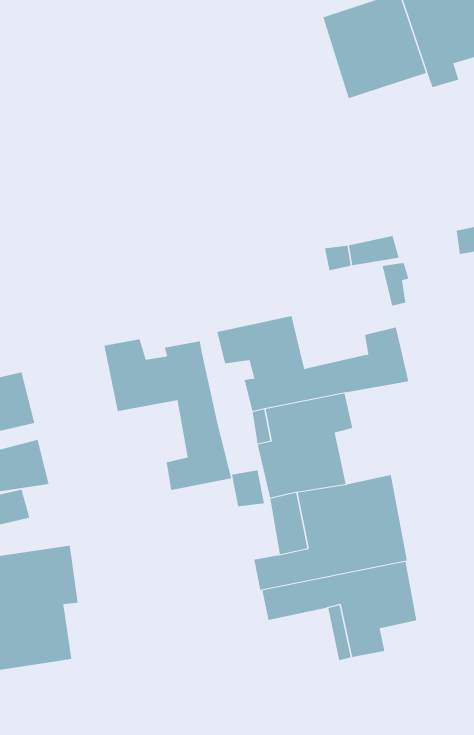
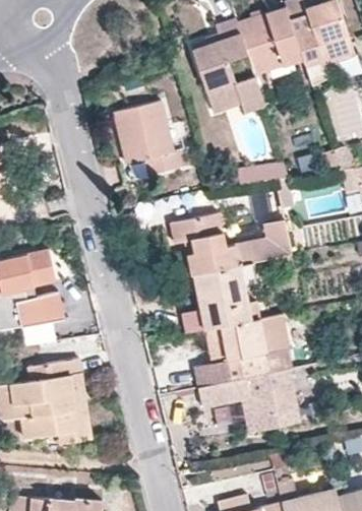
building: none -> [191,18,262,106]
building: none -> [114,102,187,173]
building: [104,338,232,491] -> none

